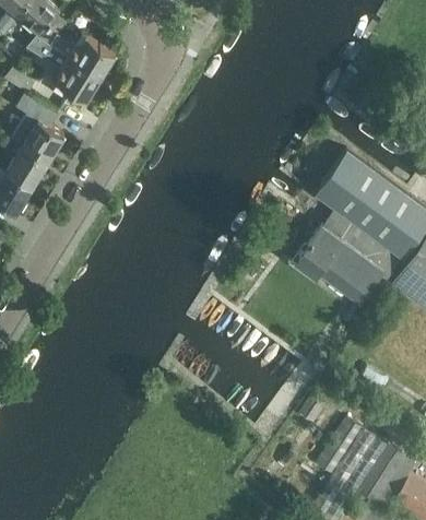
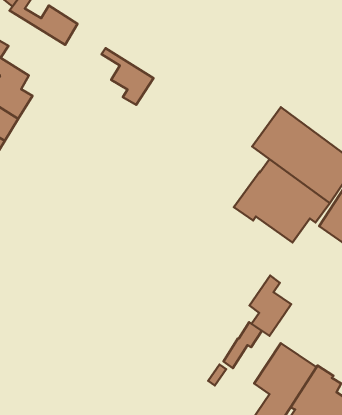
building: [42,46,100,110] -> [102,48,153,105]
building: none -> [249,275,291,336]

